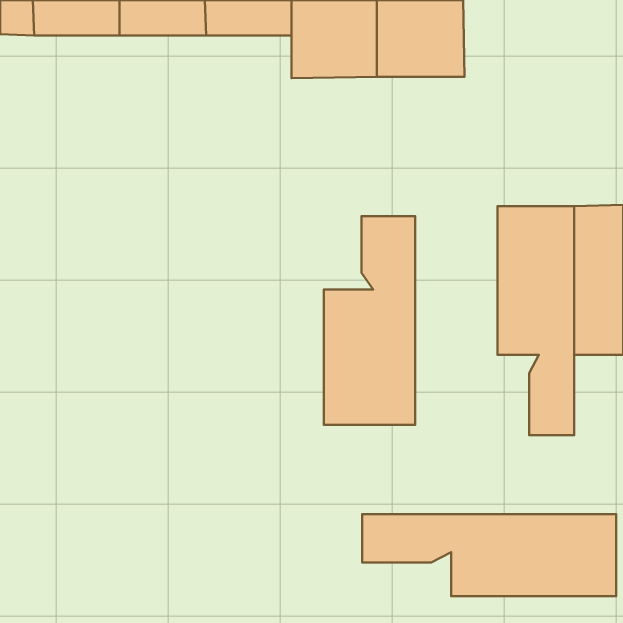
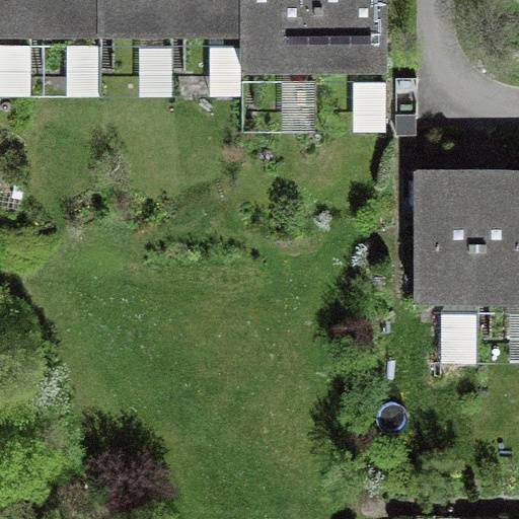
building: [324,216,415,425] -> none
building: [362,514,616,596] -> none

